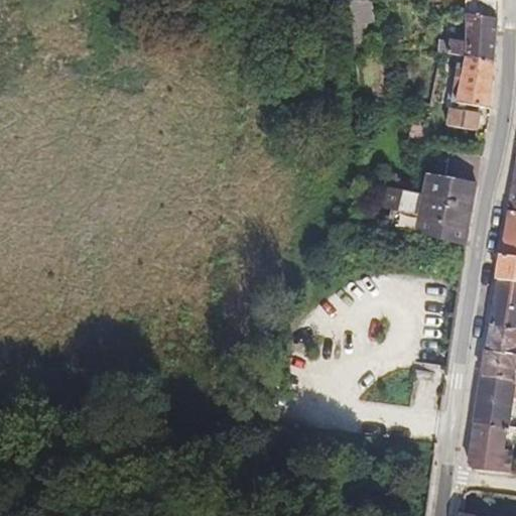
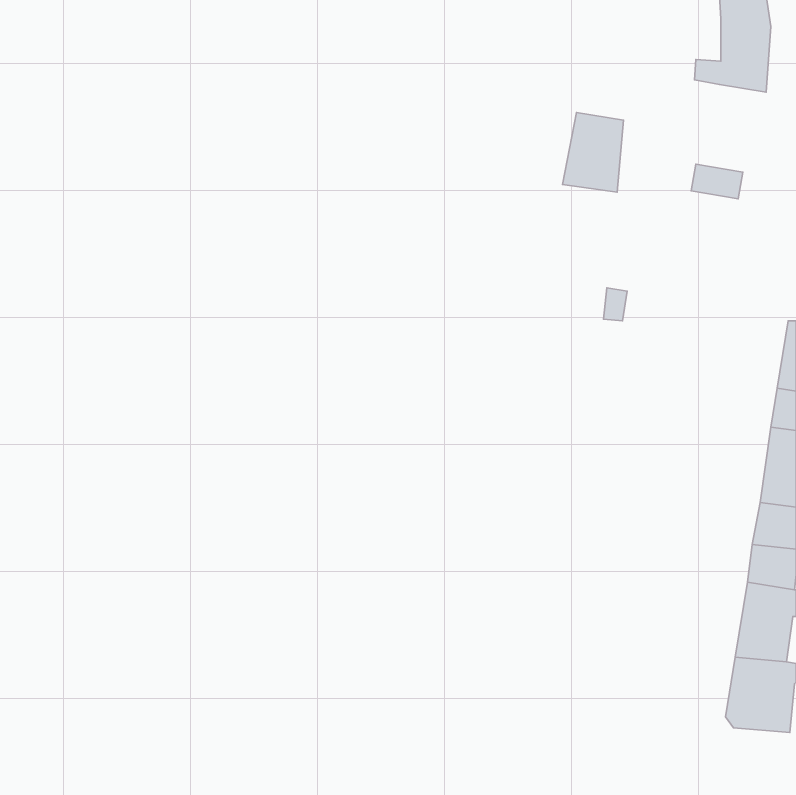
building: [455,54,494,106] -> [563,112,624,192]
building: [413,174,476,244] -> none

